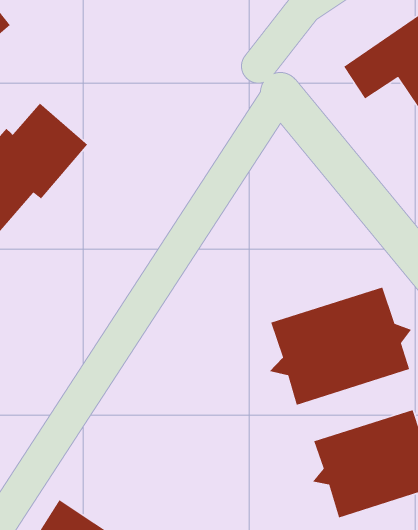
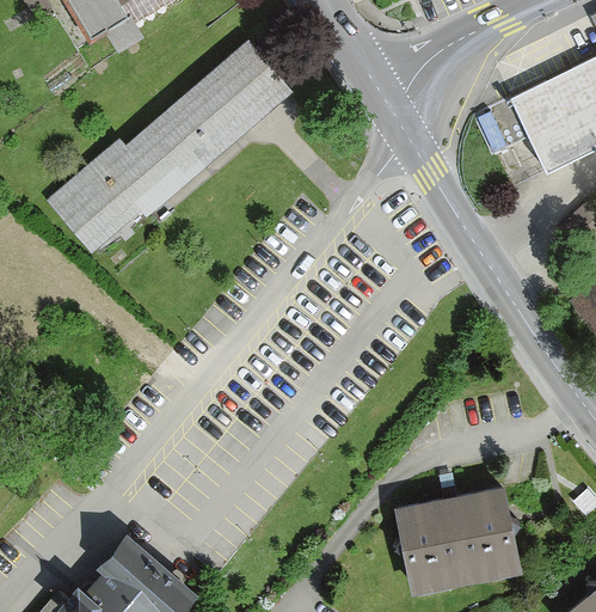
building: none -> [160,41,293,167]
building: [269,286,412,406] -> none

